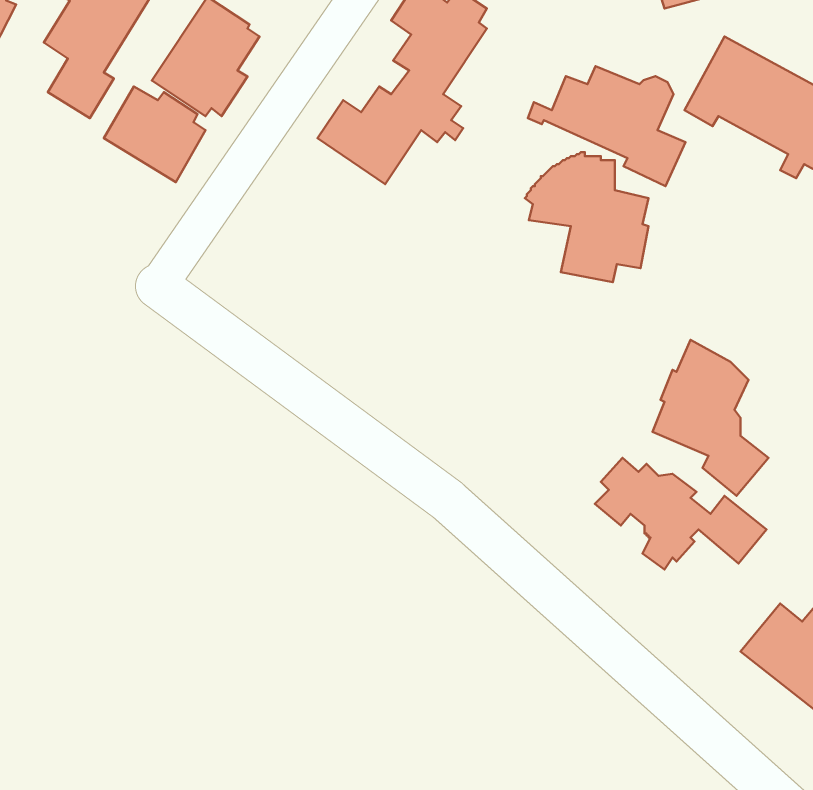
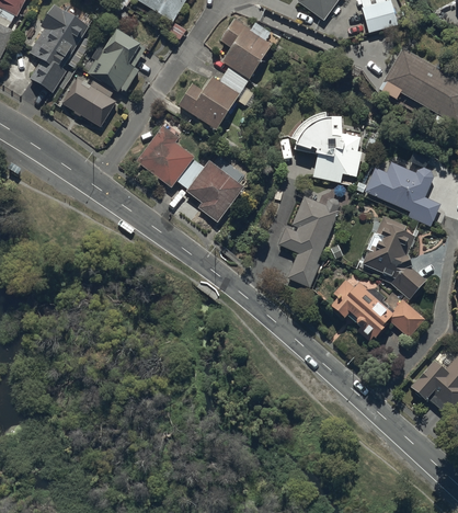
building: [528,66,685,186] -> [354,161,440,227]
building: none -> [137,123,244,223]
building: none -> [278,195,339,290]

